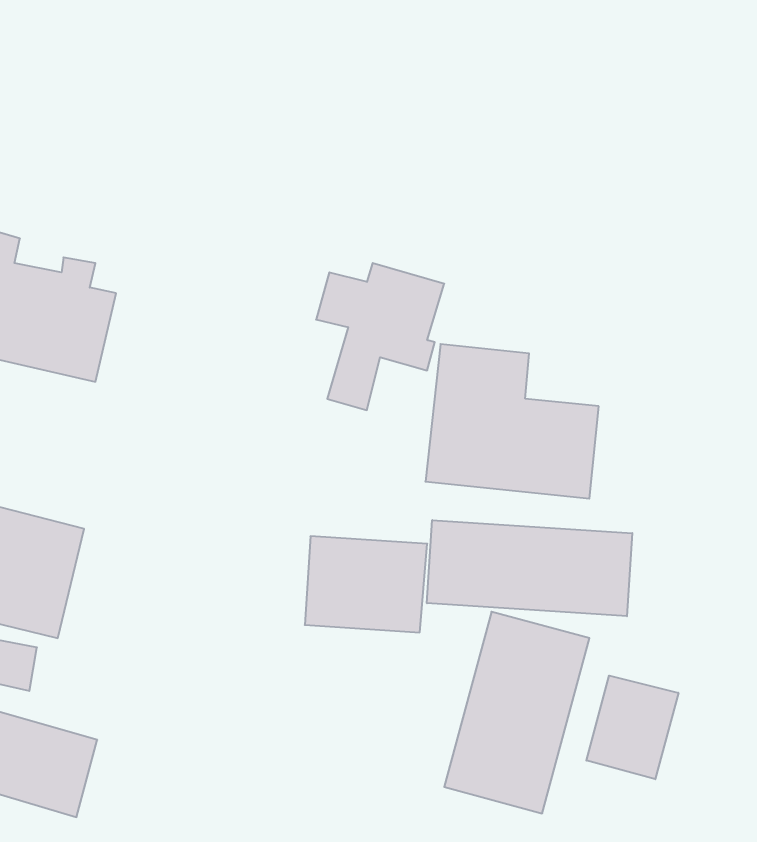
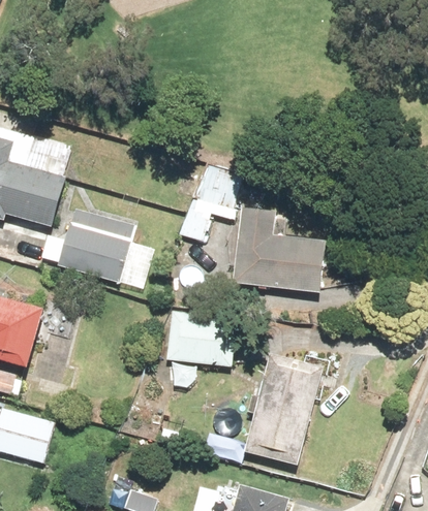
building: none -> [37,207,134,279]
building: [427,520,632,616] -> none
building: [586,676,678,779] -> none

